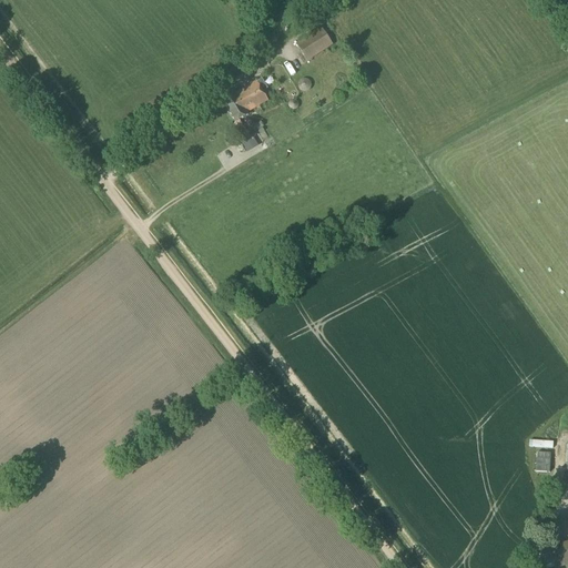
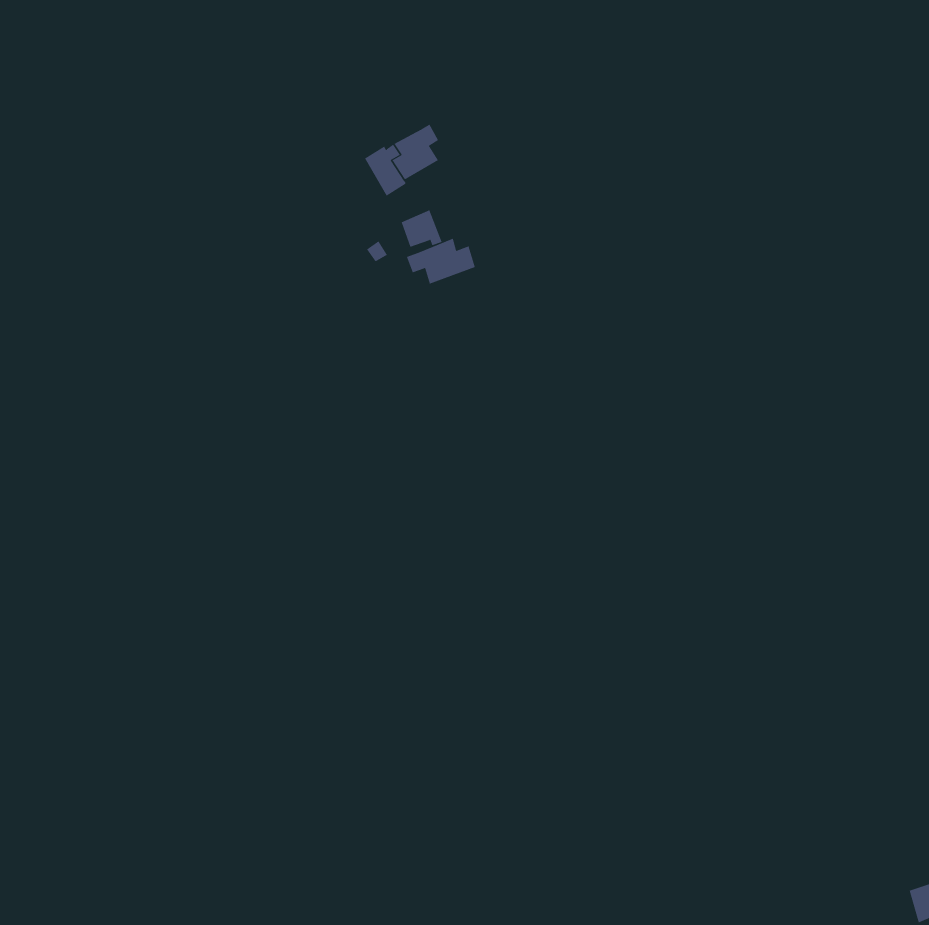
building: [296,24,334,59] -> none
building: none -> [406,238,475,284]

